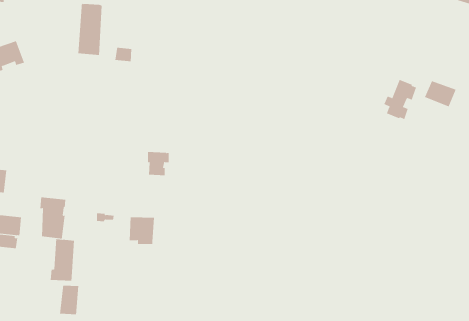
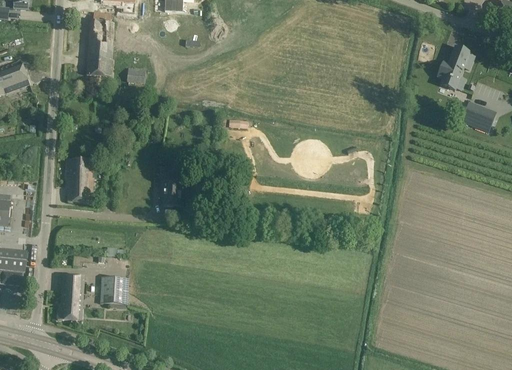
building: [384,79,417,120] -> [437,46,473,90]
building: [39,197,66,239] -> [65,158,94,204]
building: [129,217,155,244] -> [100,277,128,307]
building: [59,285,79,315] -> none

